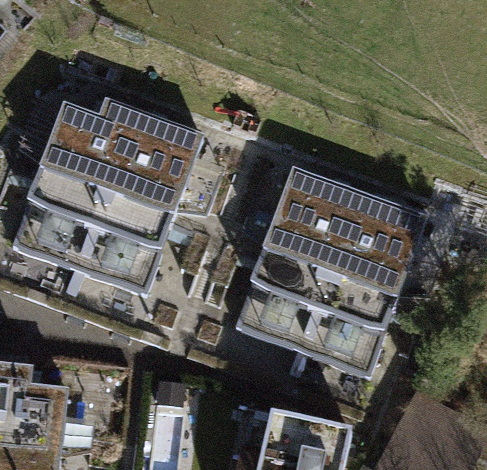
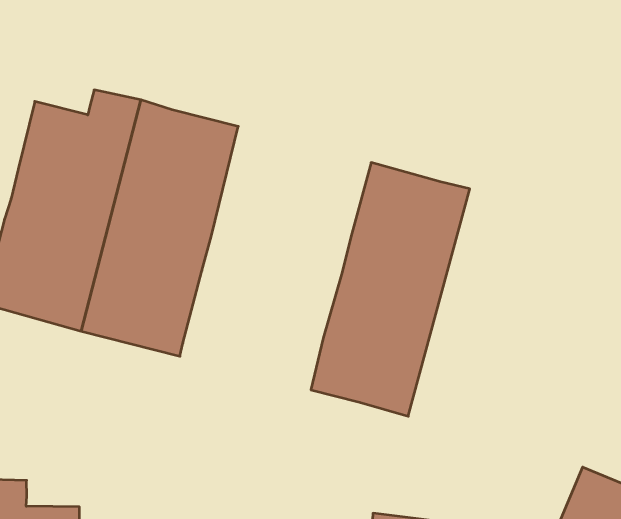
building: [301,193,426,371] -> none

